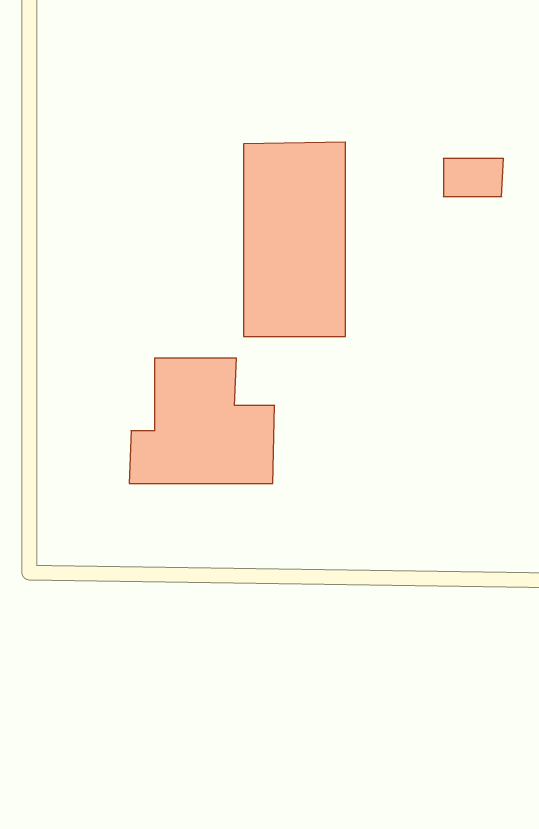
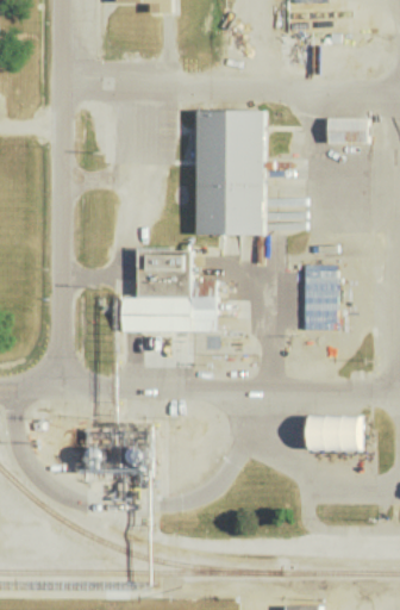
building: none -> [302,266,337,332]
building: none -> [310,416,361,452]

